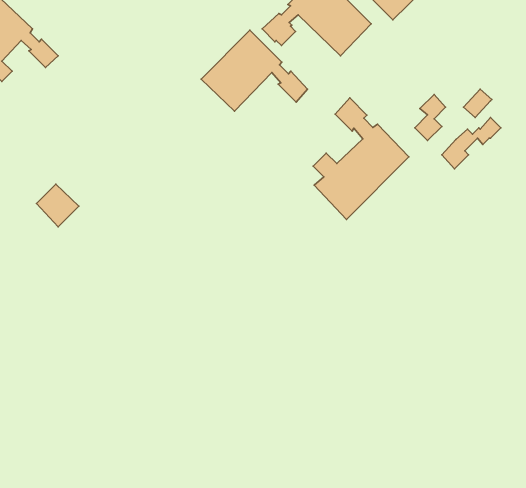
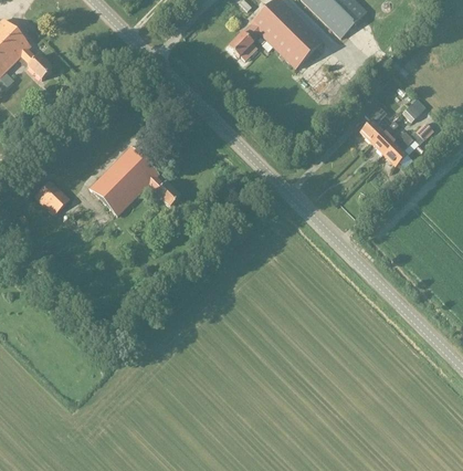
building: [201,30,308,111] -> [90,146,181,216]
building: [313,98,409,219] -> none
building: none -> [371,115,403,154]

